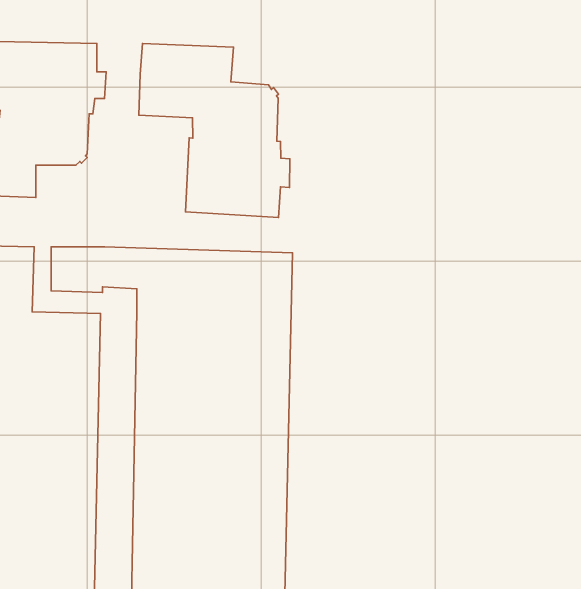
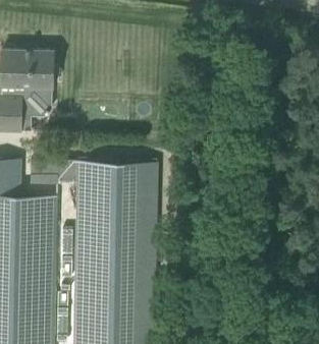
building: [139,43,290,218] -> none

